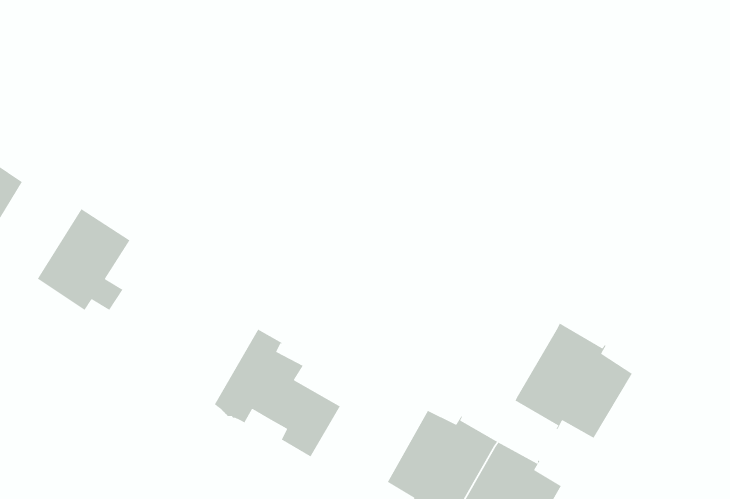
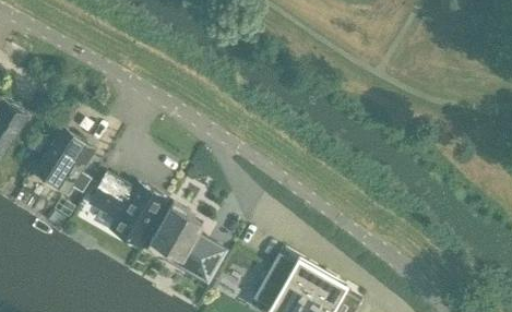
building: none -> [90,175,166,247]
building: [515,323,633,439] -> none

